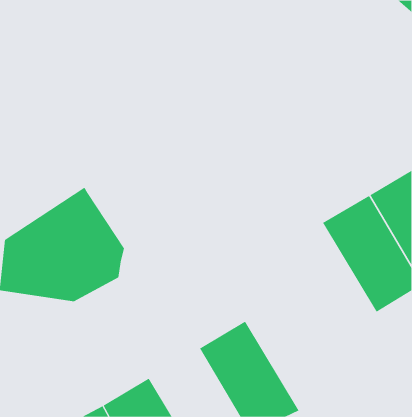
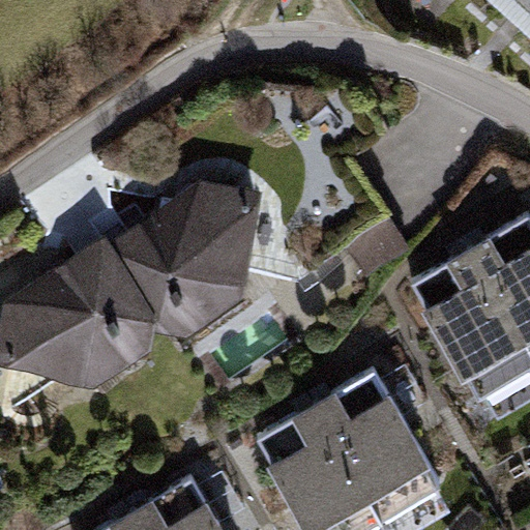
building: none -> [112,183,261,334]
building: none -> [312,371,440,521]

